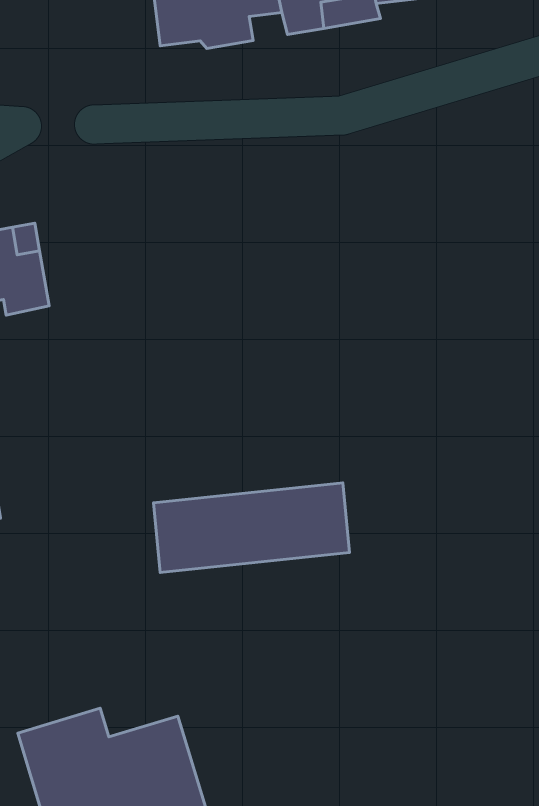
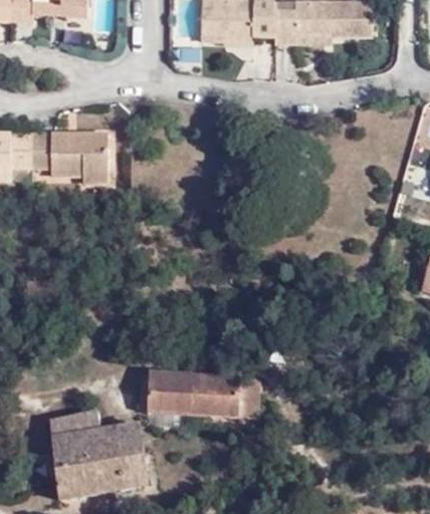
building: [153,483,350,573] -> [147,371,259,419]

